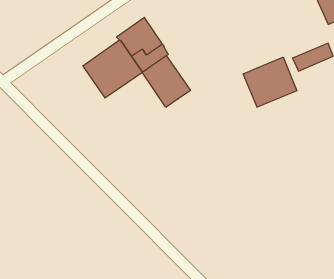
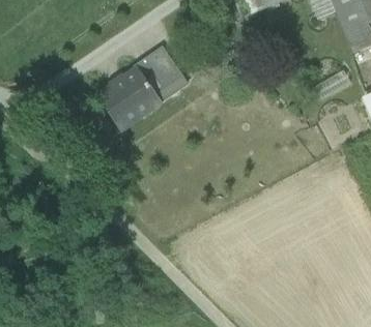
building: [142,56,190,107] -> none
building: [243,57,297,107] -> none

